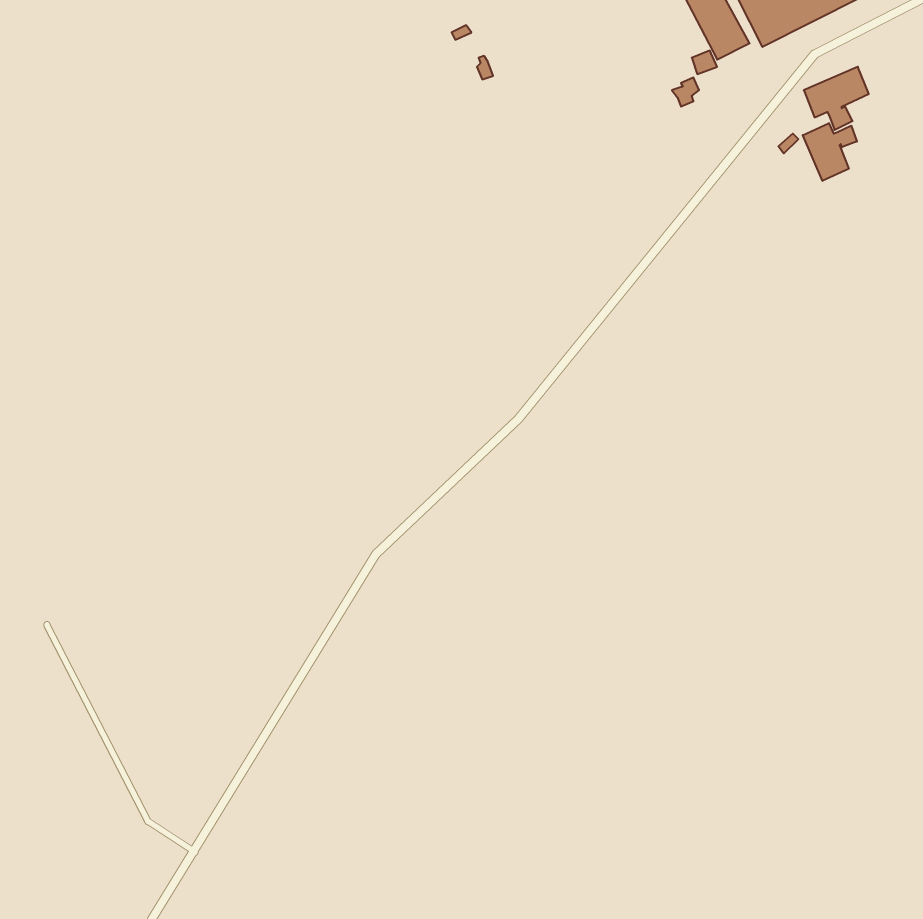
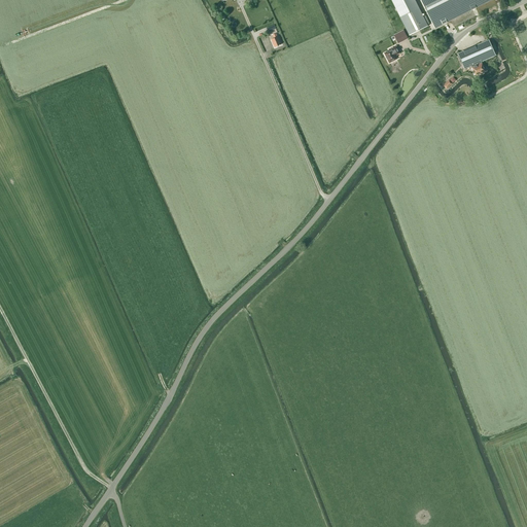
building: [803,123,857,181] -> none

